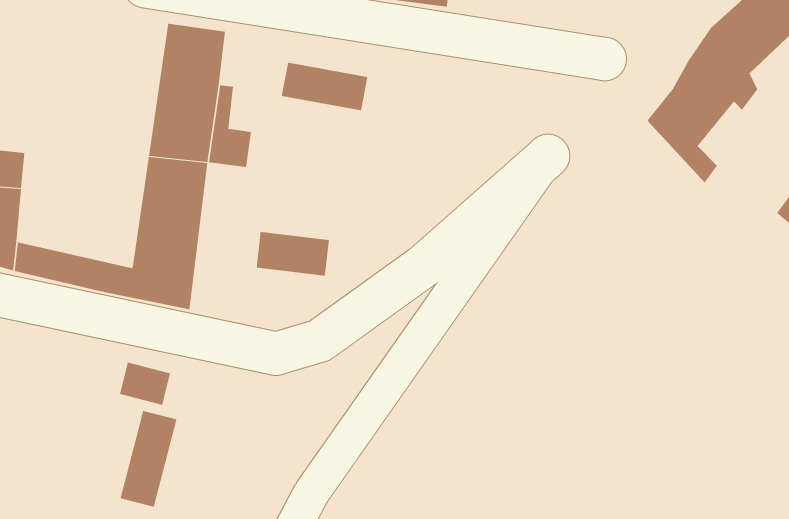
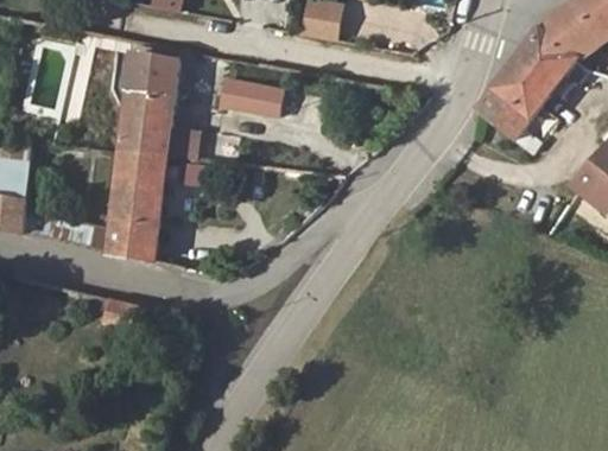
building: [256,231,329,277] -> none
building: [120,410,177,507] -> none

